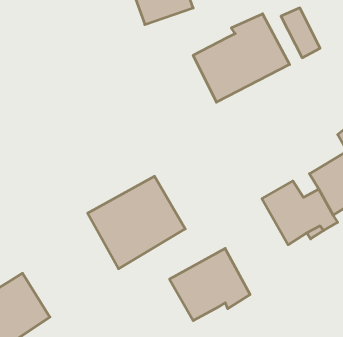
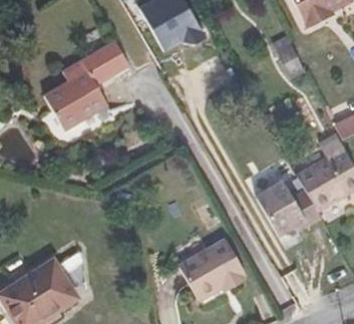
building: [193,14,290,102] -> none
building: none -> [44,43,129,130]
building: [88,176,185,269] -> none

